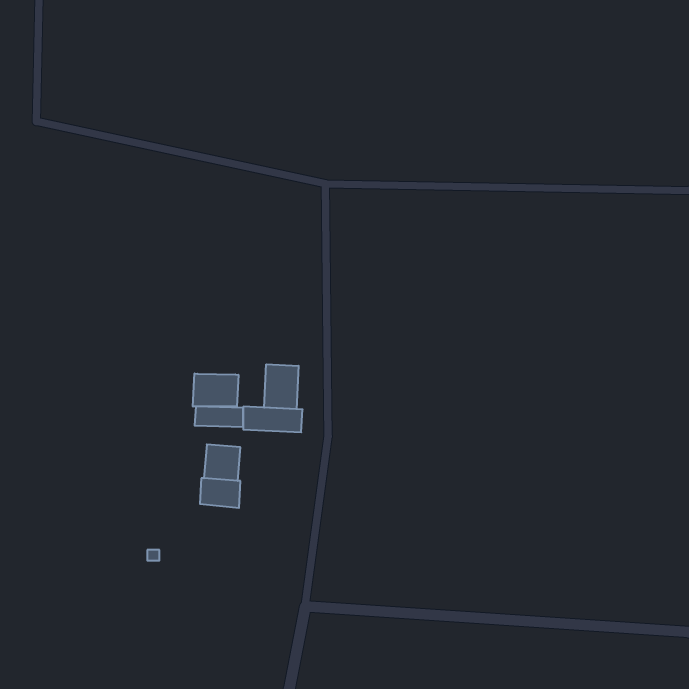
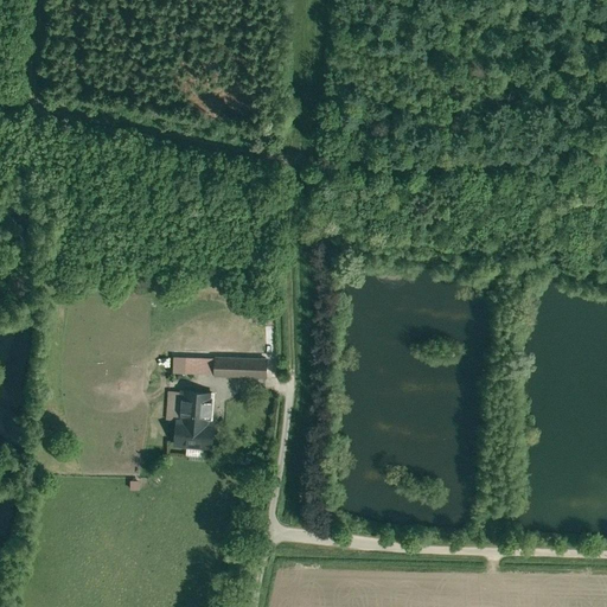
building: [264,364,299,409] -> none
building: [193,373,238,407] -> none

